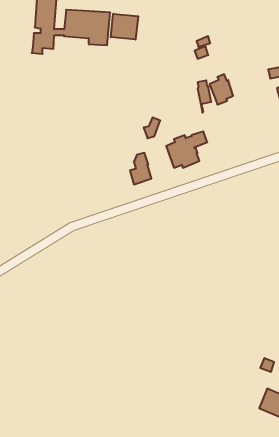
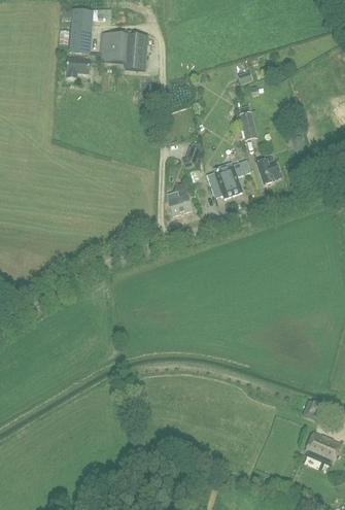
building: [111,14,138,40] -> none
building: [210,74,233,105] -> [256,152,281,184]

